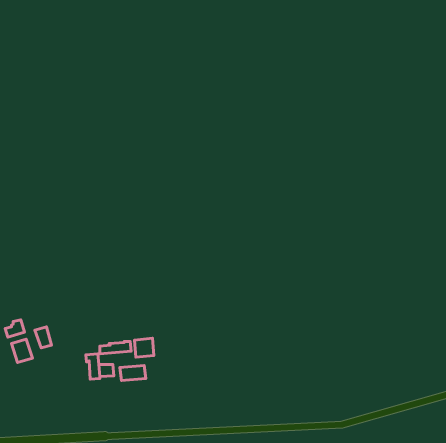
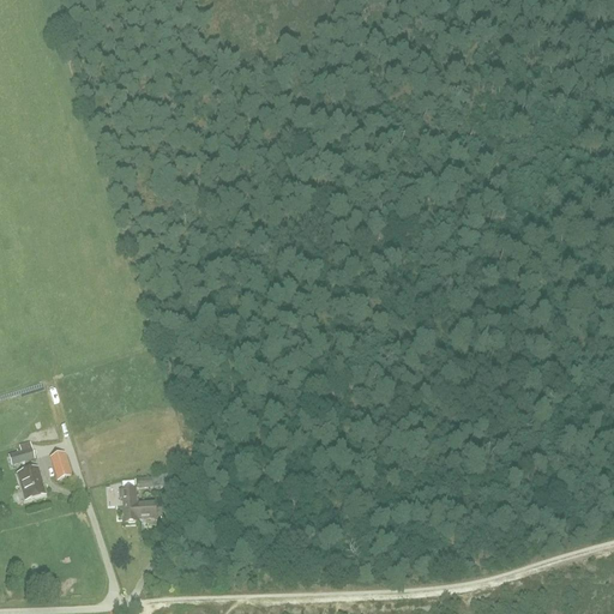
building: [134,338,154,357] -> none
building: [120,365,146,381] -> none

